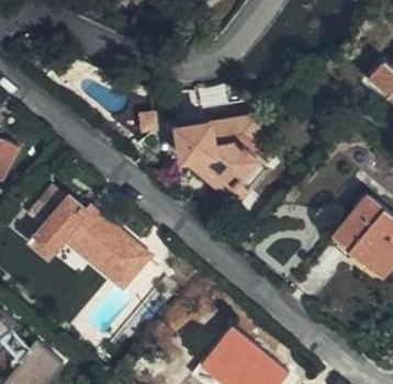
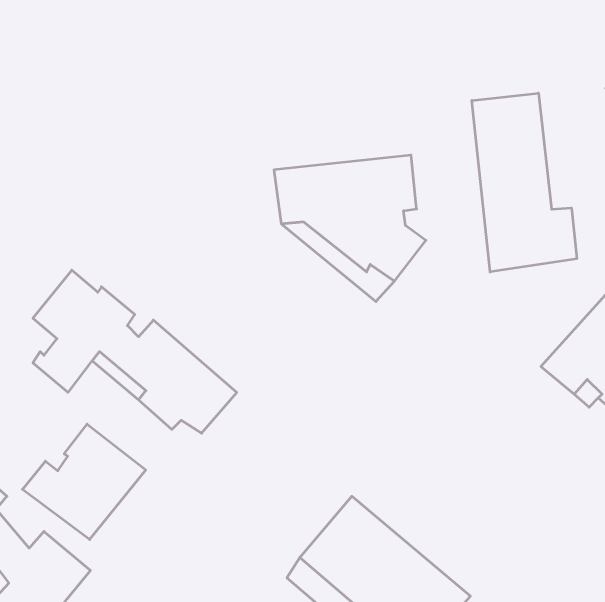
building: none -> [472,93,577,272]
building: none -> [22,424,146,540]

